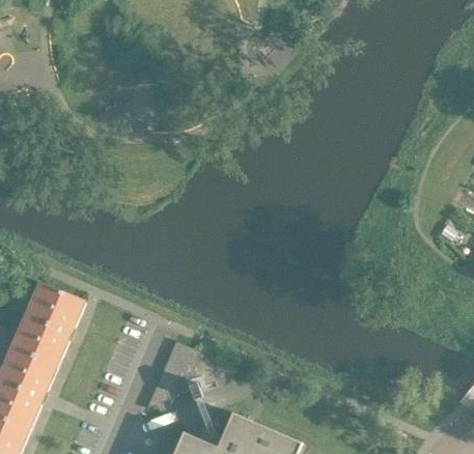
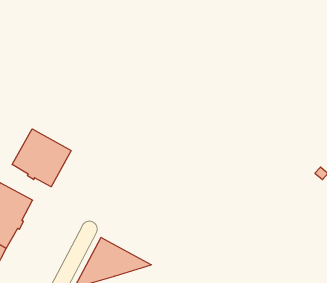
building: none -> [12,129,71,187]

